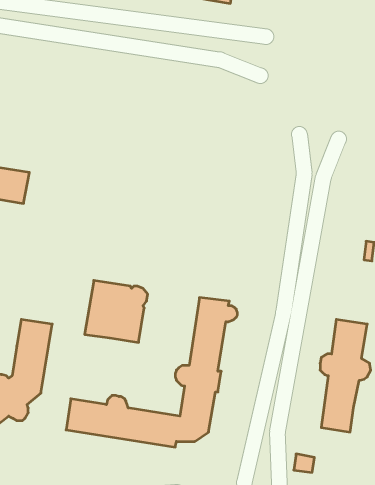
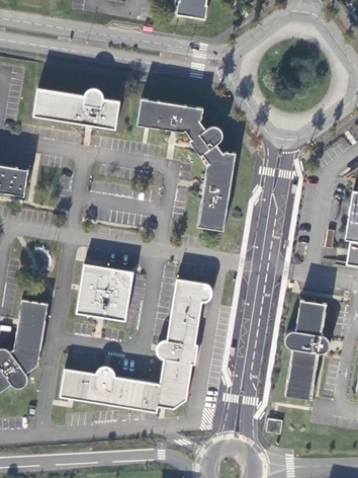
building: none -> [33,88,119,128]
building: none -> [137,98,236,230]

